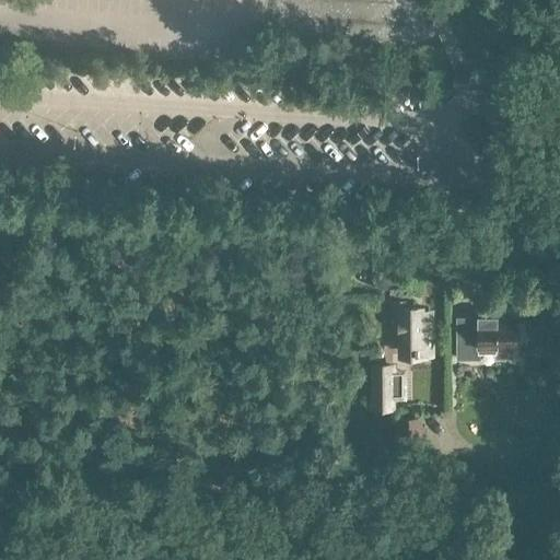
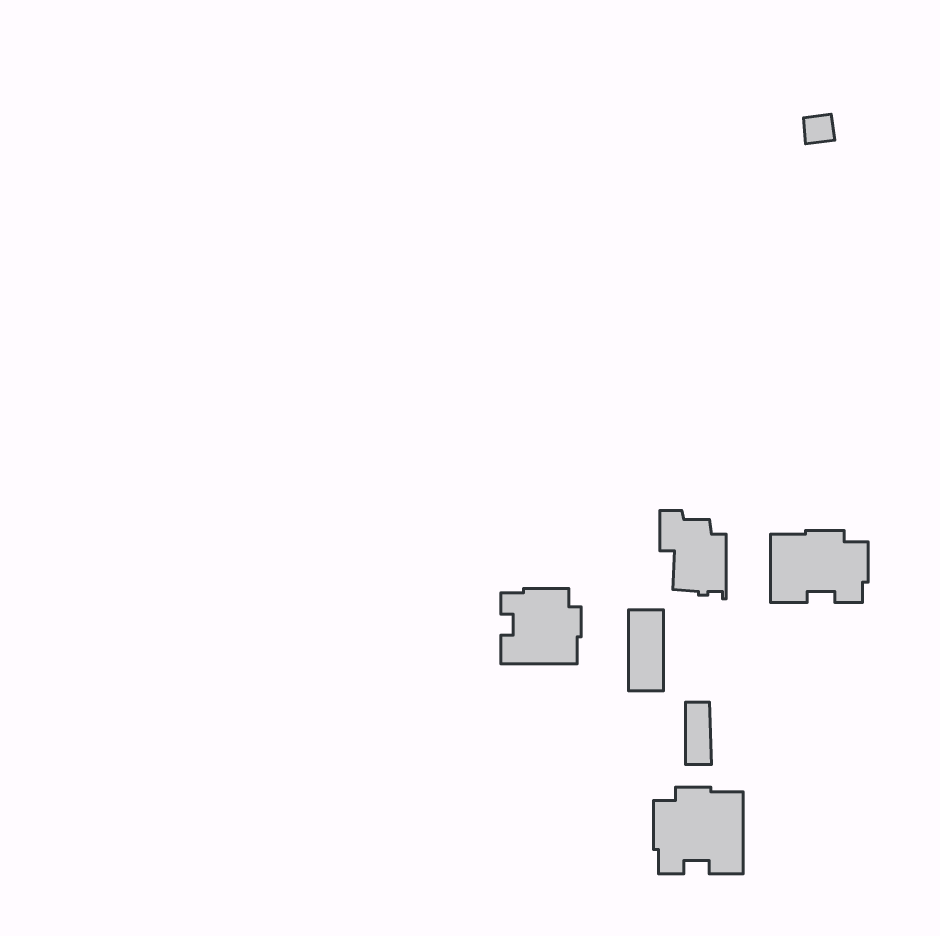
building: none -> [501,588,581,664]
building: none -> [653,787,743,874]

